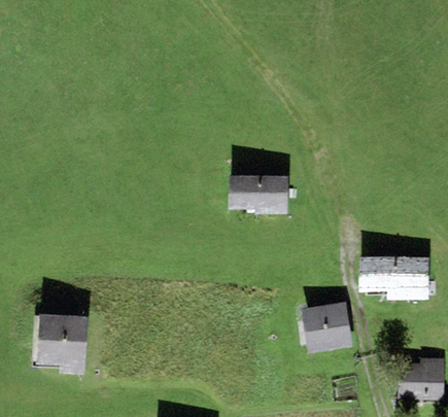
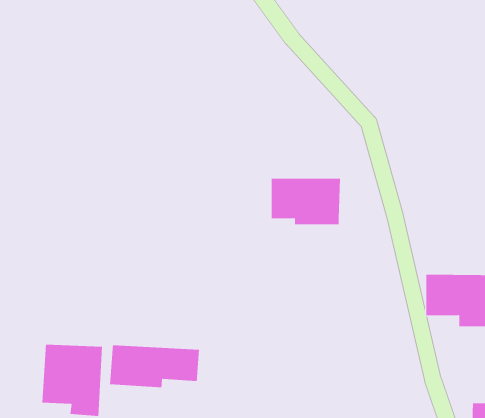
building: [301,302,351,352] -> none
building: none -> [110,345,199,388]

